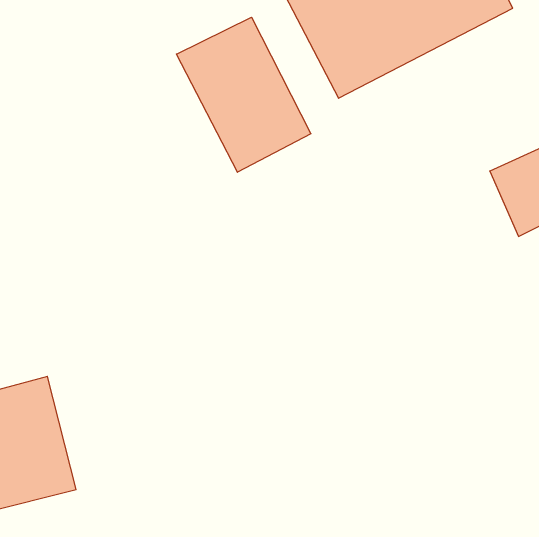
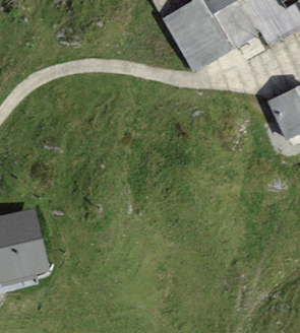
building: [176,17,311,172] -> none

